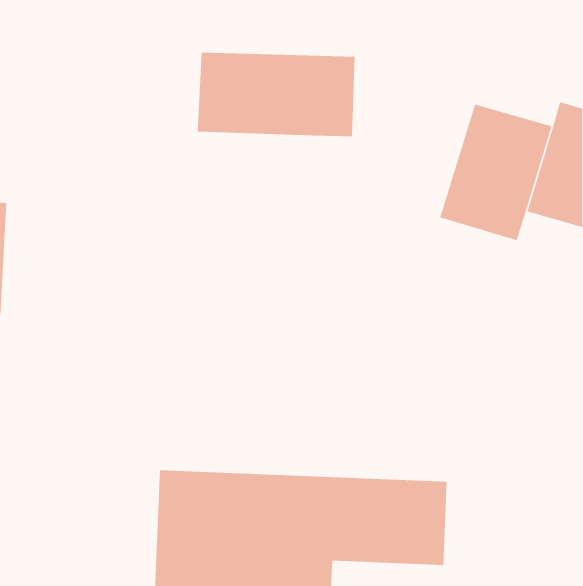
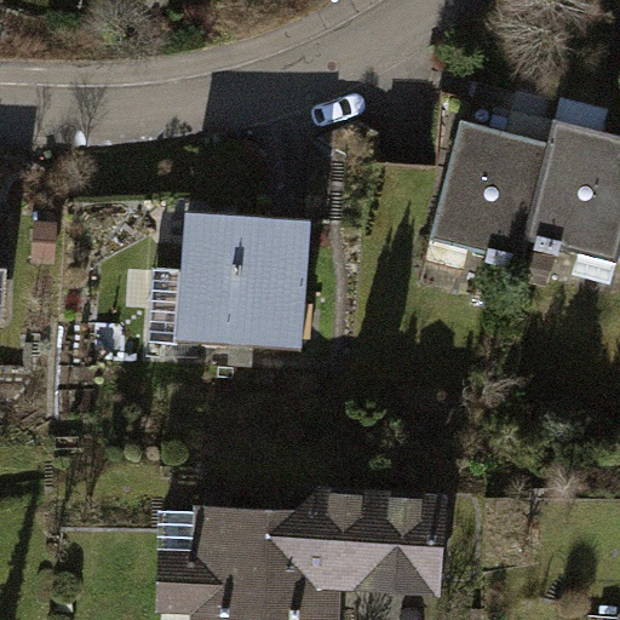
building: [197,52,356,137] -> none
building: none -> [184,229,309,343]

